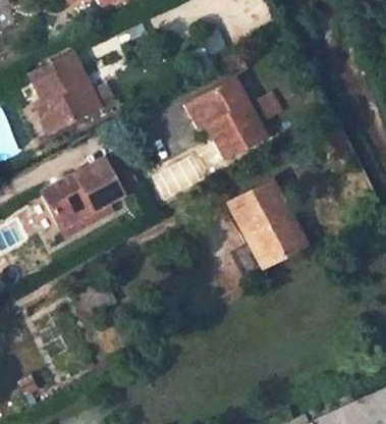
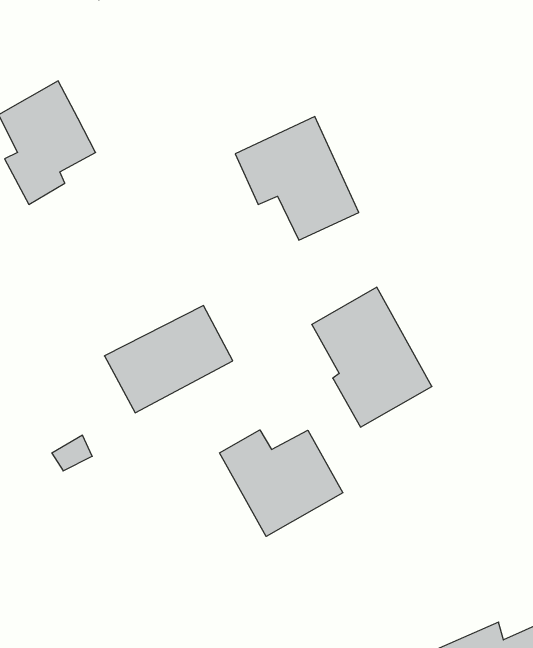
building: [43,159,123,226] -> [104,306,233,413]
building: none -> [220,430,343,536]

